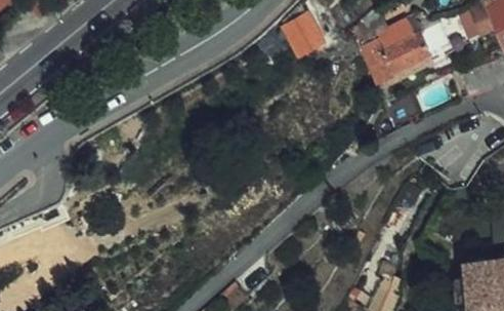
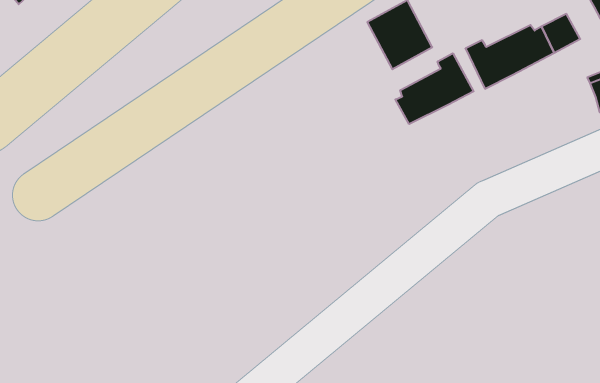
building: none -> [395,53,474,124]

